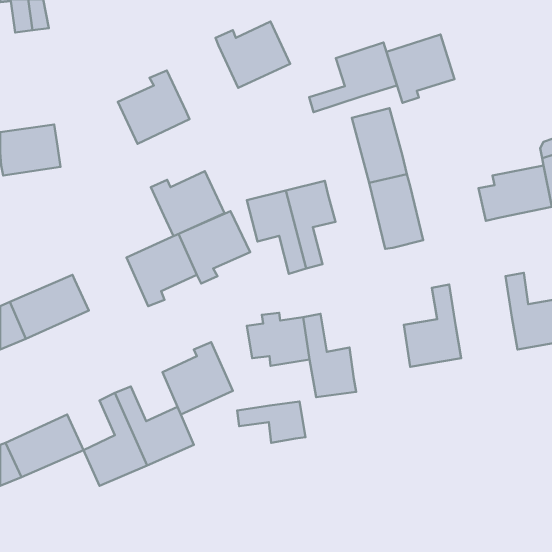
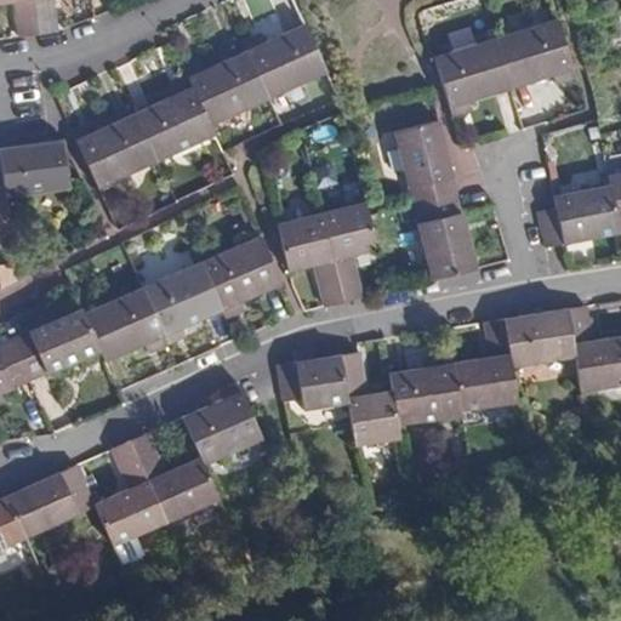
building: none -> [495,19,574,89]
building: [309,43,397,112] -> none
building: none -> [184,51,268,125]
building: [151,171,224,236] -> [73,114,155,187]
building: none -> [85,289,167,360]
building: none -> [505,309,575,366]
building: none -> [389,353,461,425]
building: [237,402,306,443] -> none

